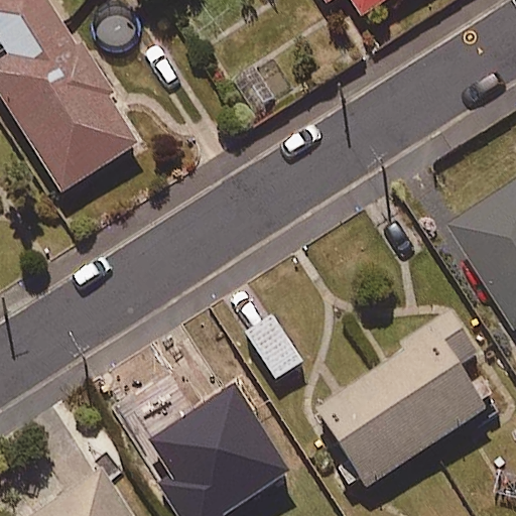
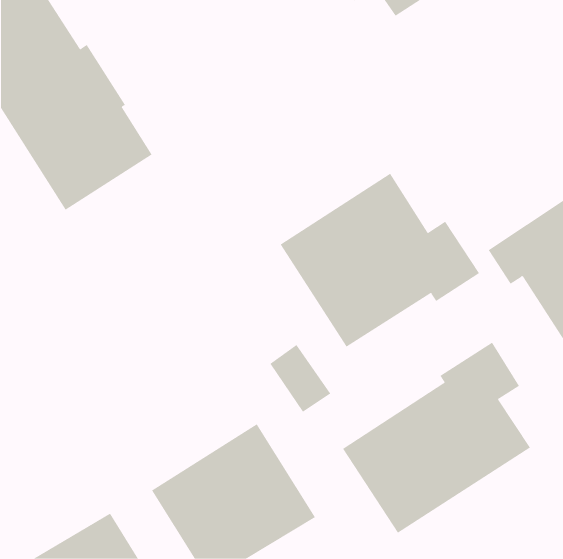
building: none -> [280,173,480,347]

